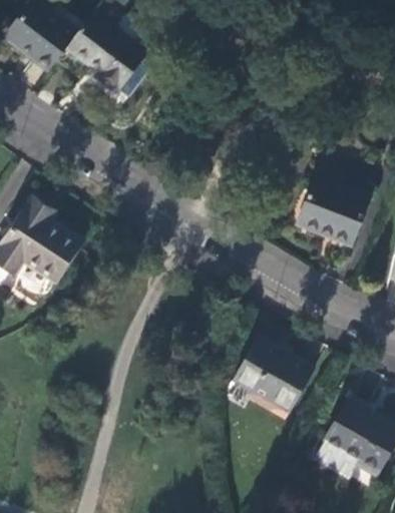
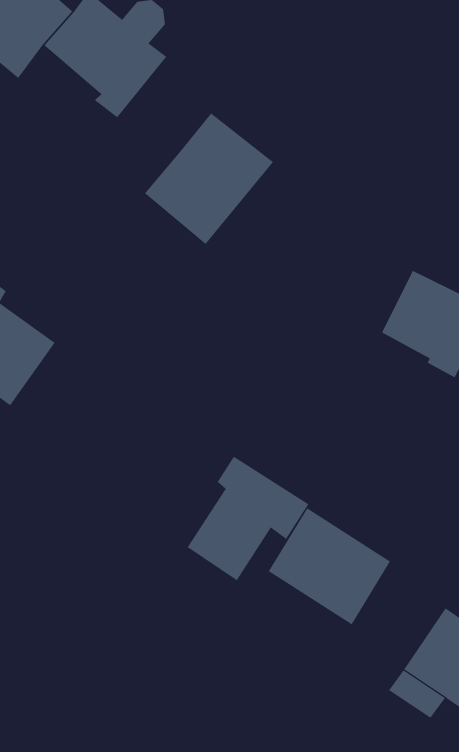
building: none -> [144,113,274,245]
building: none -> [187,456,309,581]

